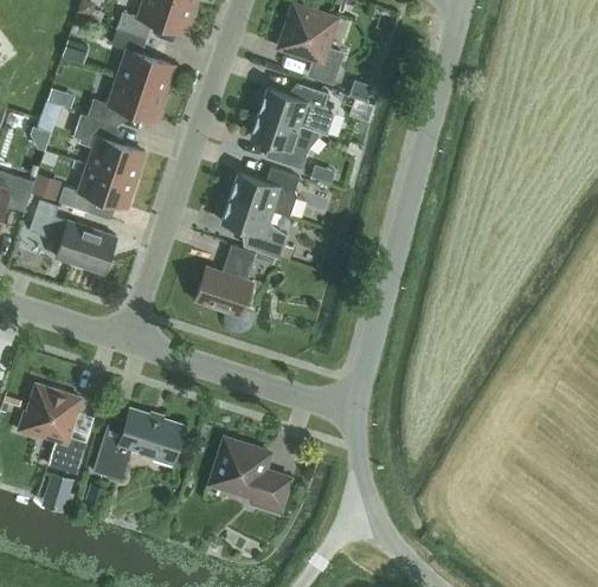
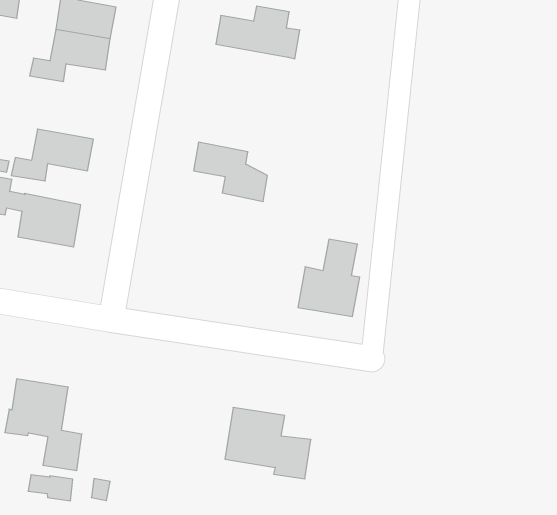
building: [250,112,321,169] -> none
building: [75,115,144,181] -> none
building: [230,168,298,218] -> none
building: [194,245,256,317] -> [298,239,360,317]
building: [92,408,184,480] -> none

